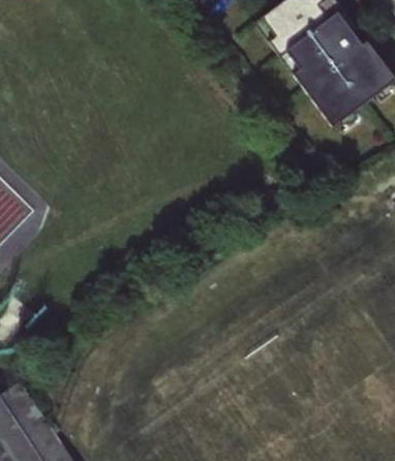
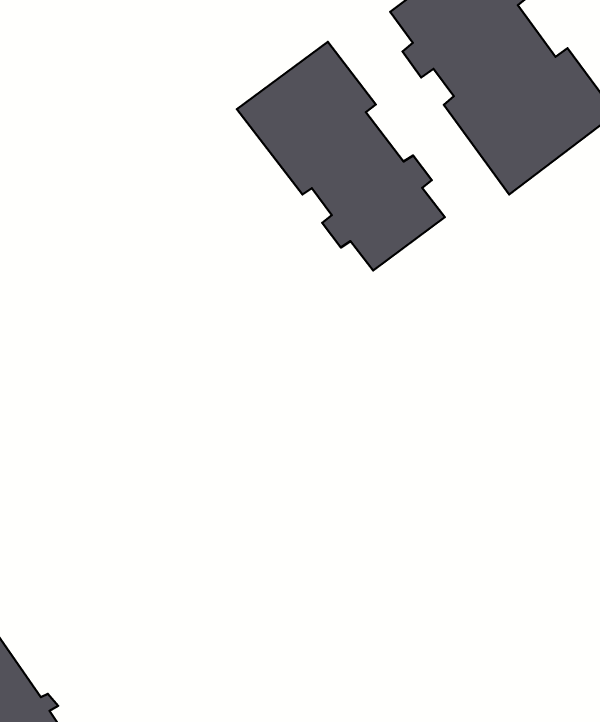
building: none -> [237,42,445,271]

